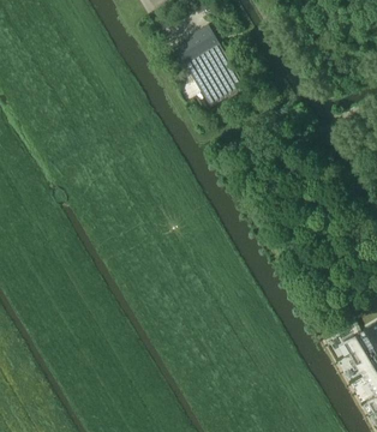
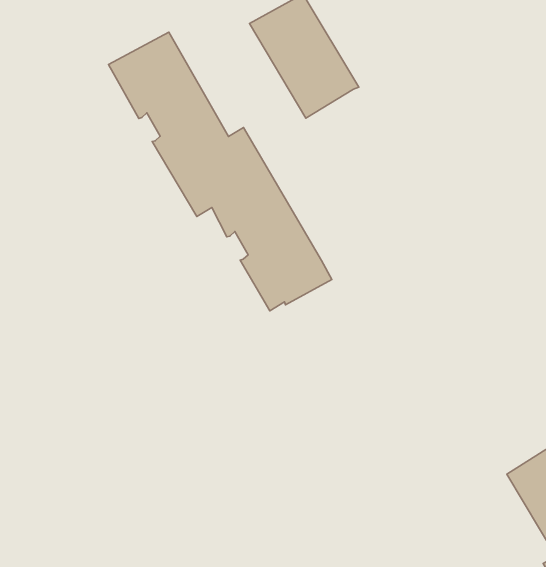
building: none -> [109,32,332,311]

